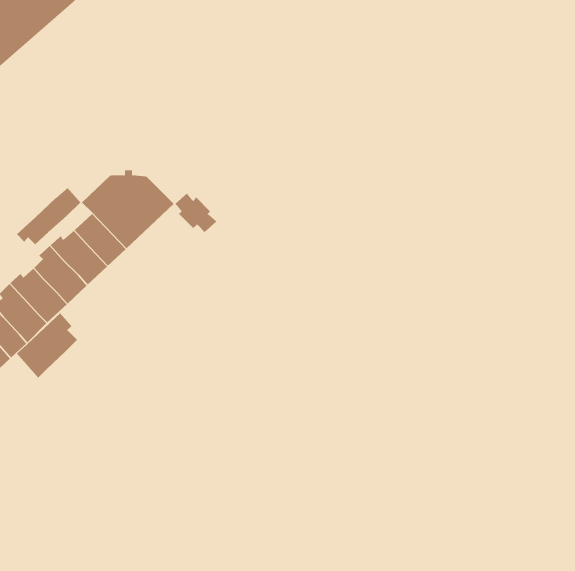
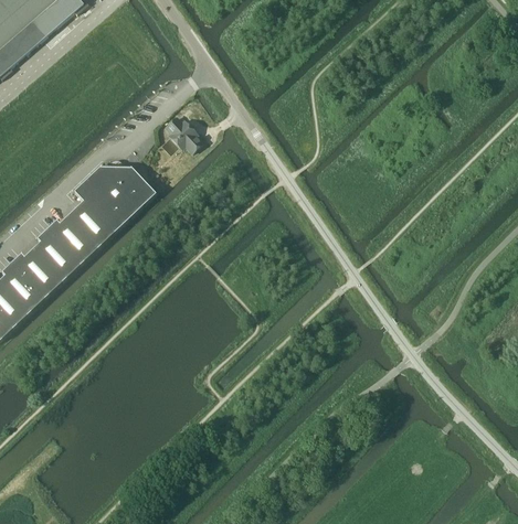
building: [16,187,81,245] -> none
building: [174,193,217,233] -> [166,116,203,151]
building: [16,312,78,379] -> none

